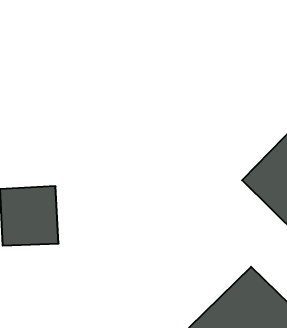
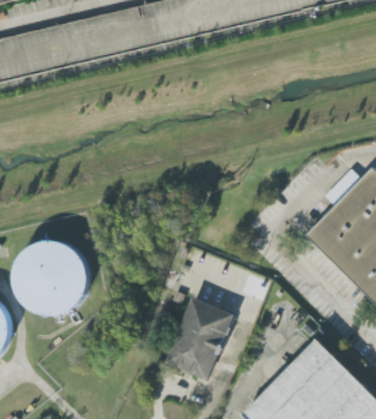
building: none -> [165,298,233,381]

